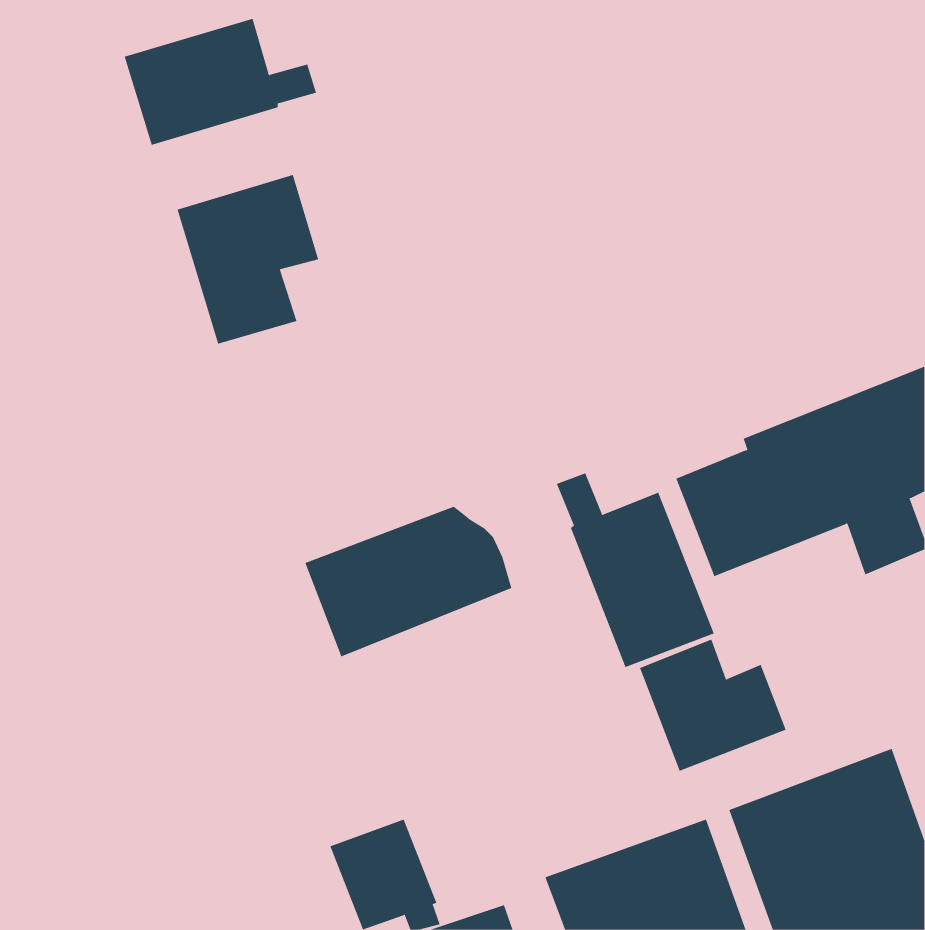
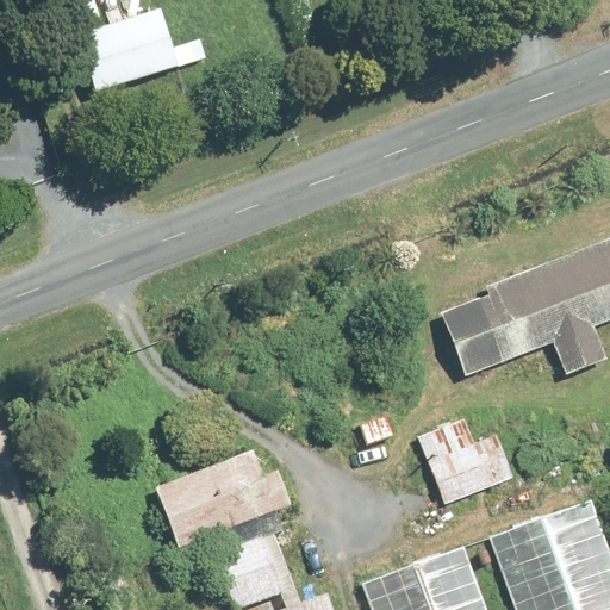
building: [177,174,319,344] -> none
building: [556,472,714,668] -> none
building: [305,506,512,657] -> [157,450,293,549]

